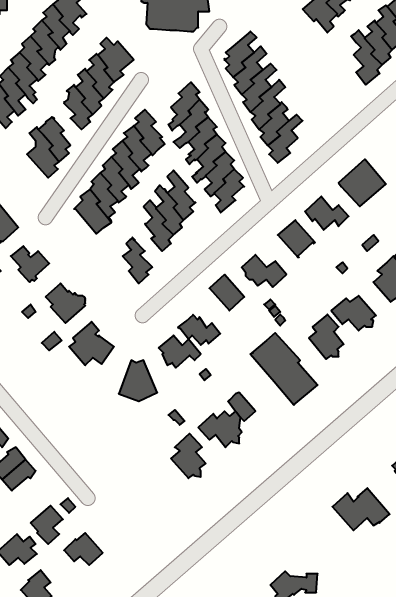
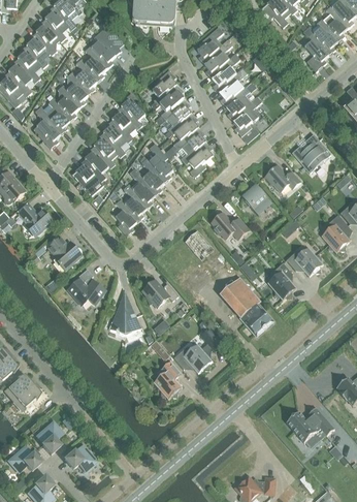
building: none -> [55,85,78,122]
building: none -> [122,184,145,223]
building: [178,315,220,345] -> none

